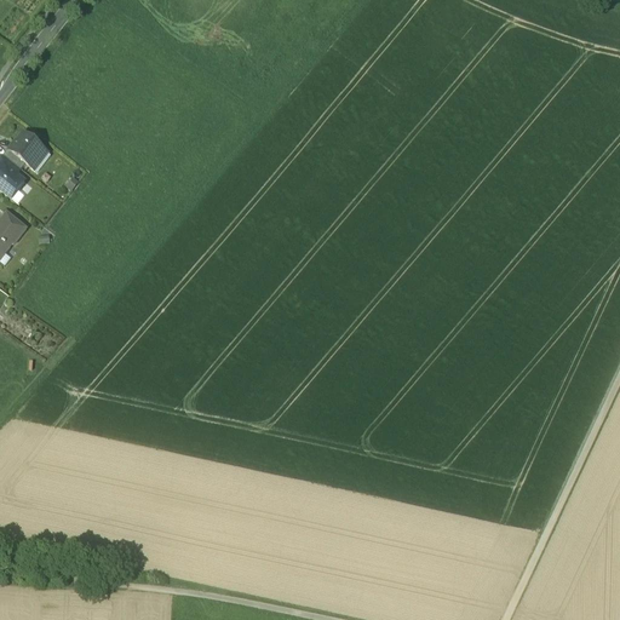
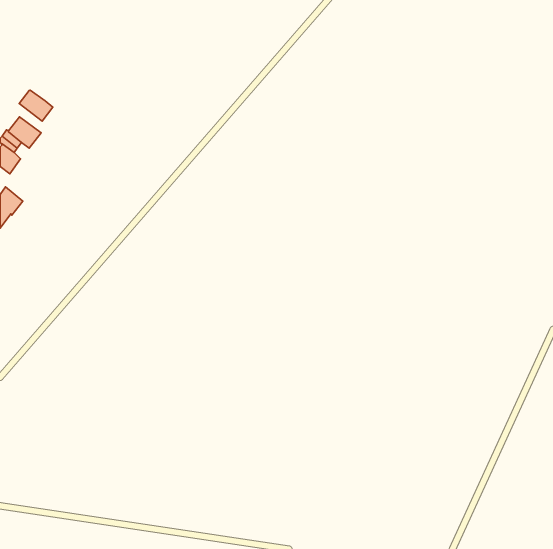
building: none -> [19,90,53,121]

